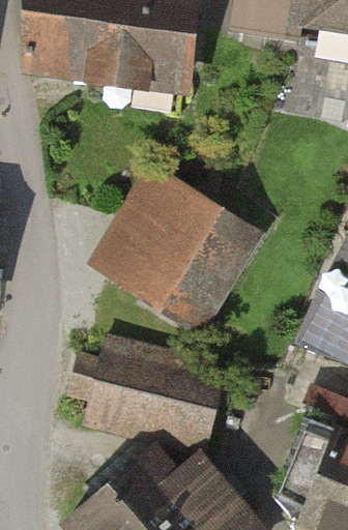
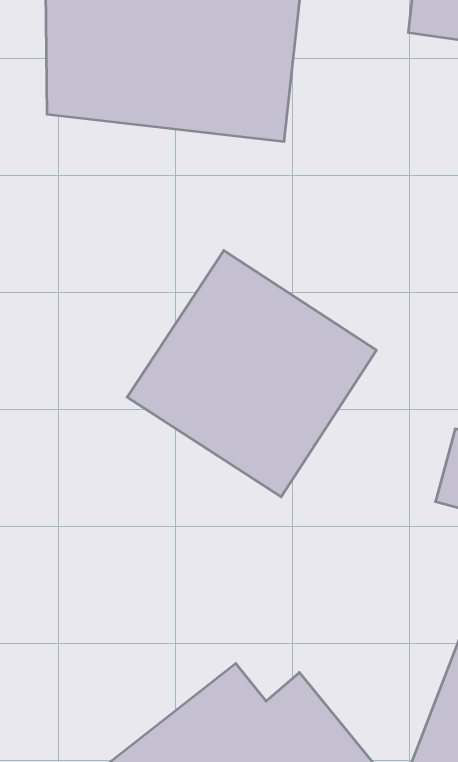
building: [94,342,230,450] -> none

